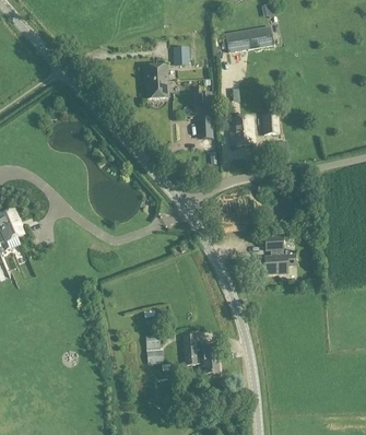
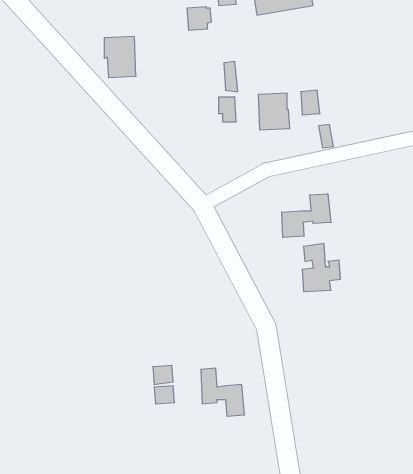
building: [142,64,167,97] -> [104,37,136,78]
building: none -> [282,194,331,238]

